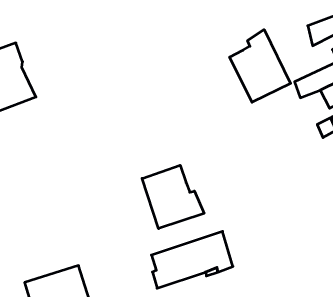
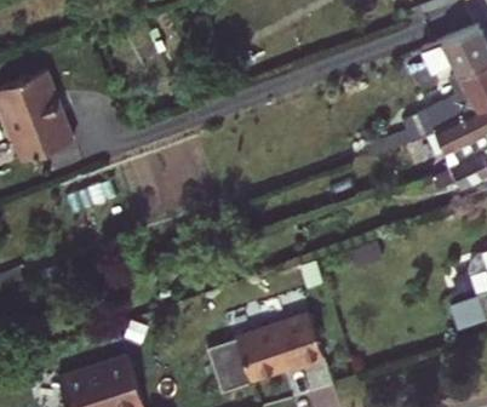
building: [230,30,291,102] -> none
building: [142,165,204,229] -> none

